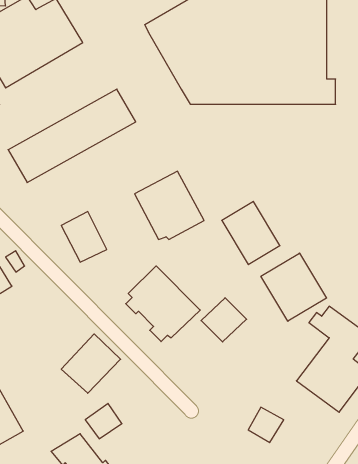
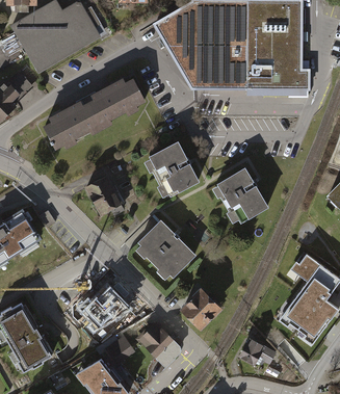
building: [261,253,327,321] -> none
building: [201,298,247,342] -> [180,288,217,324]
building: none -> [138,321,177,360]

